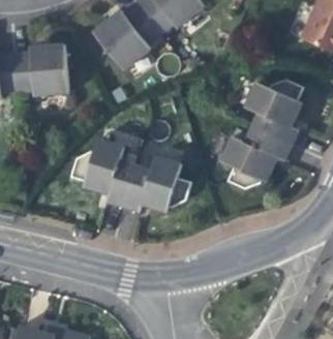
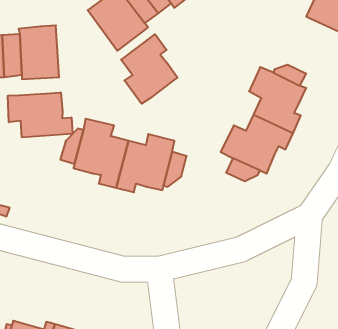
building: none -> [121,34,177,104]
building: none -> [8,92,73,137]

